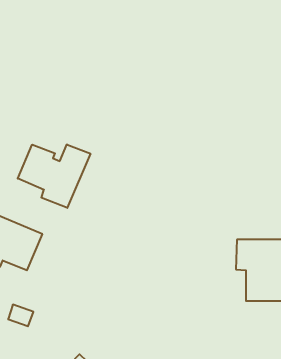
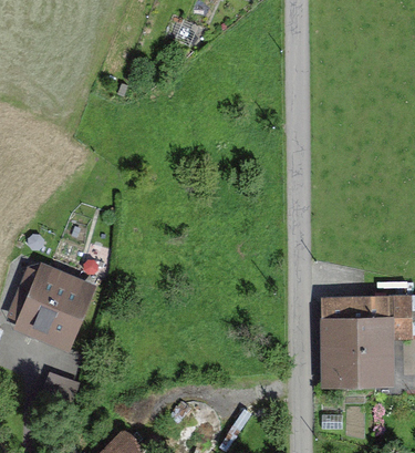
building: [18,144,90,208] -> none

